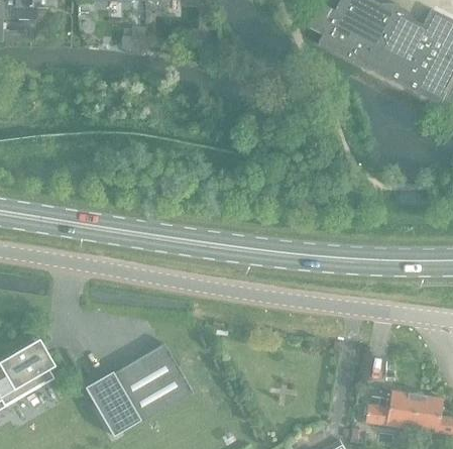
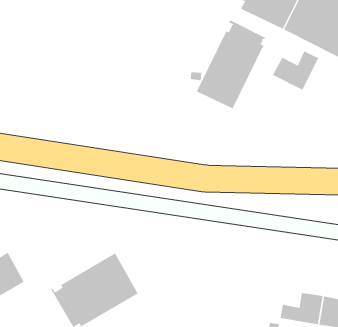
building: none -> [196,20,266,109]
building: none -> [272,51,319,90]

